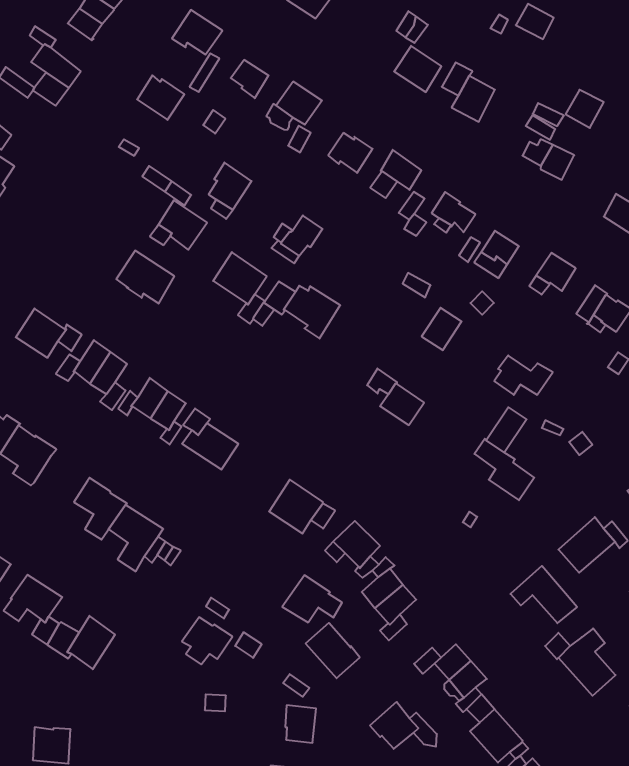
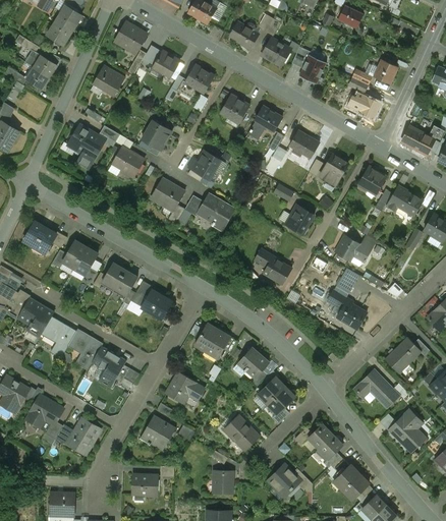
building: none -> [229,22,258,49]
building: [116,251,174,304] -> [67,125,105,159]
building: none -> [41,316,75,358]
building: [282,575,342,622] -> [165,372,204,403]
building: none -> [131,474,157,502]

